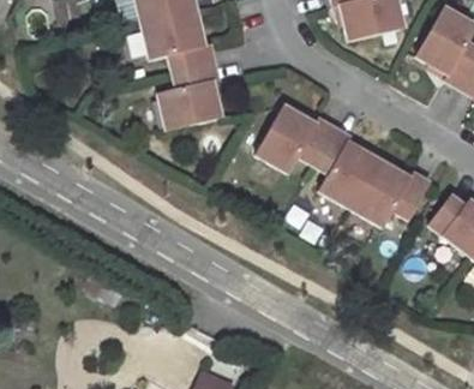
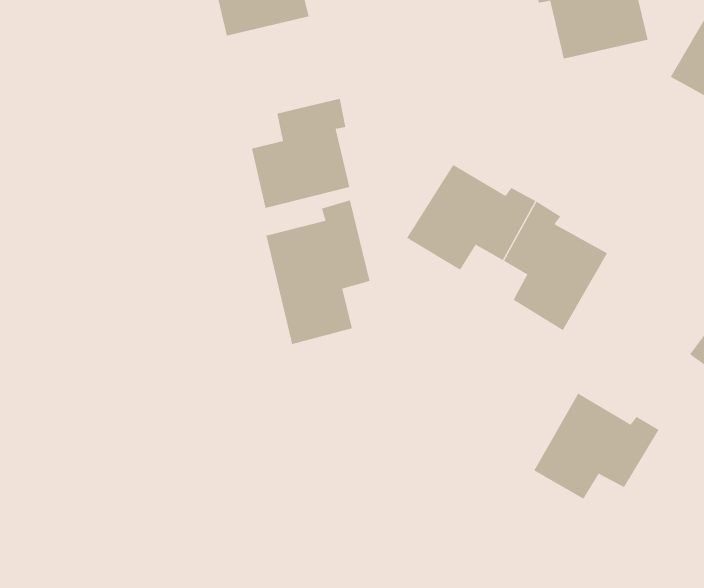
building: [142,13,212,73] -> none
building: none -> [266,199,370,345]
building: [350,160,428,226] -> [533,393,659,500]

